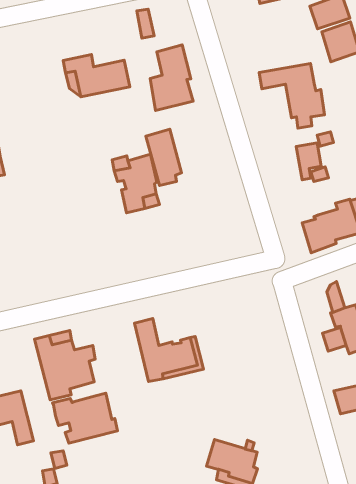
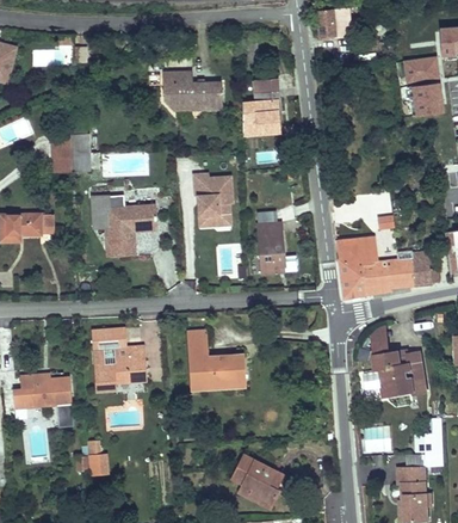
building: [259,64,325,128] -> none
building: [146,129,181,186] -> [256,222,284,273]
building: none -> [335,236,378,299]
building: none -> [92,195,156,254]
building: [52,393,117,443] -> none

